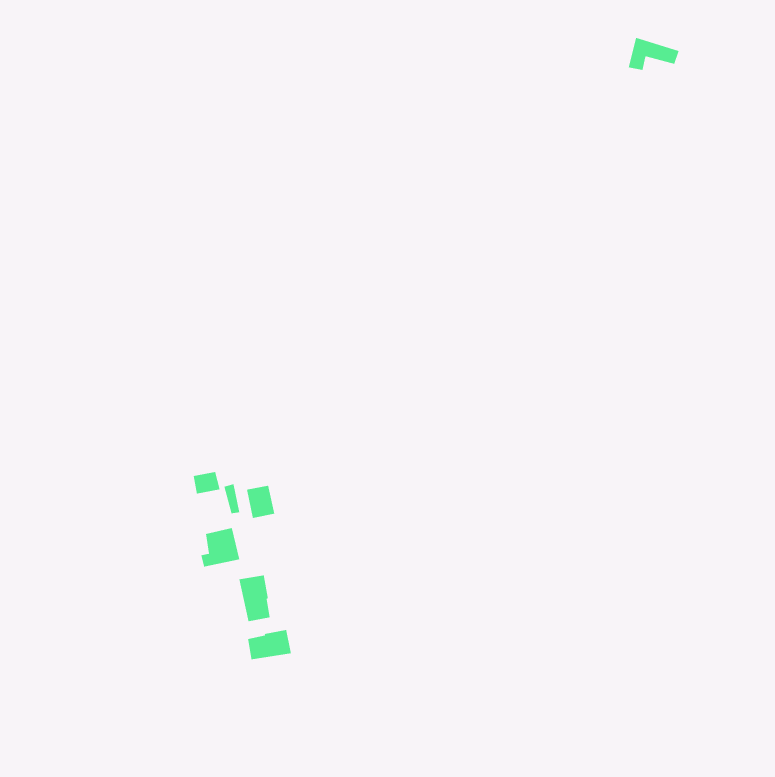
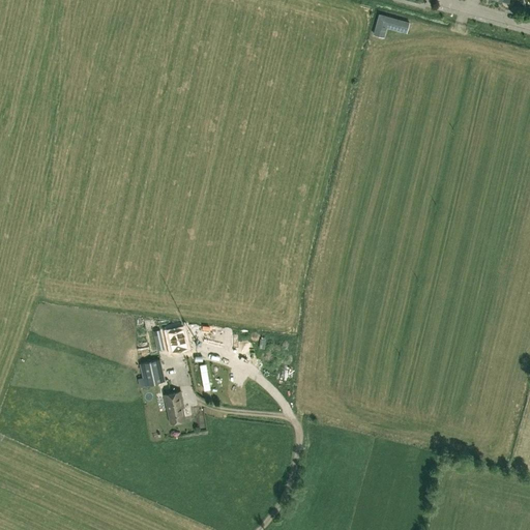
building: [628,37,679,71] -> [373,13,408,36]
building: [247,629,291,660] -> none

